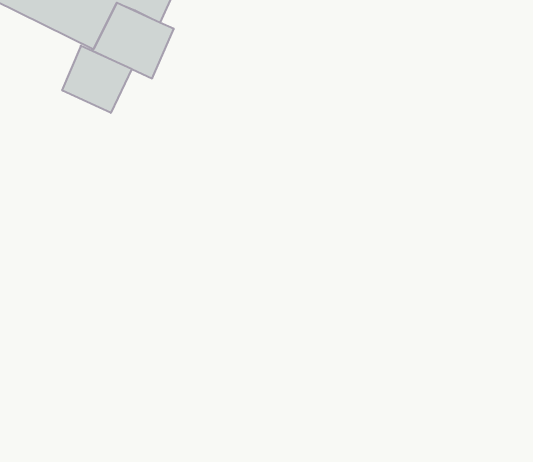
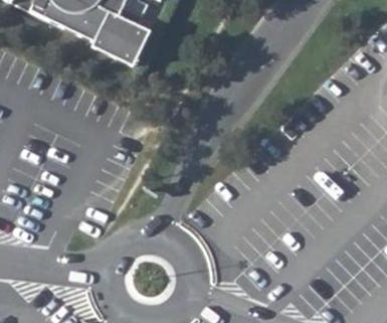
building: [62,45,132,113] -> none

